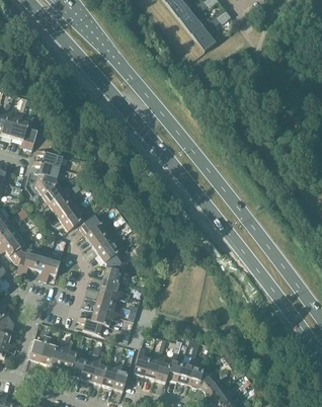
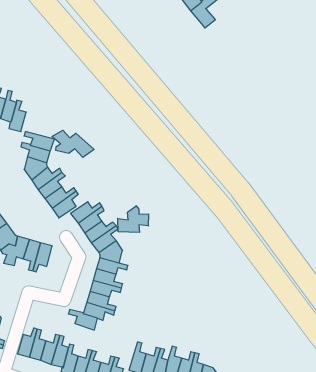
building: none -> [52,130,94,157]
building: none -> [118,206,149,232]

